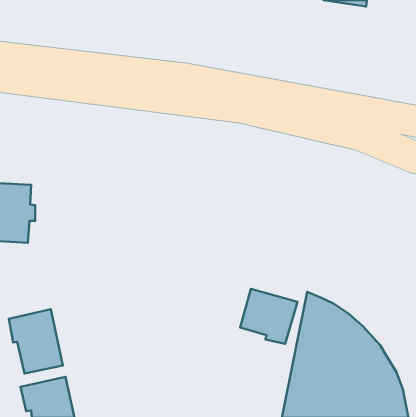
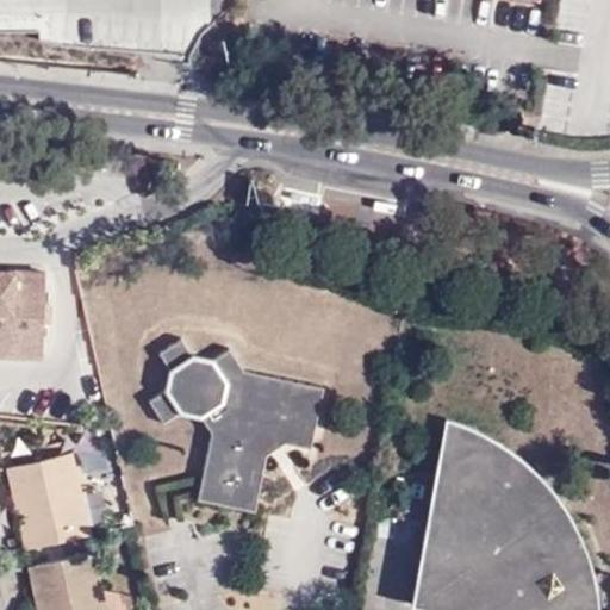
building: none -> [142,336,324,512]
building: [240,289,297,344] -> none

